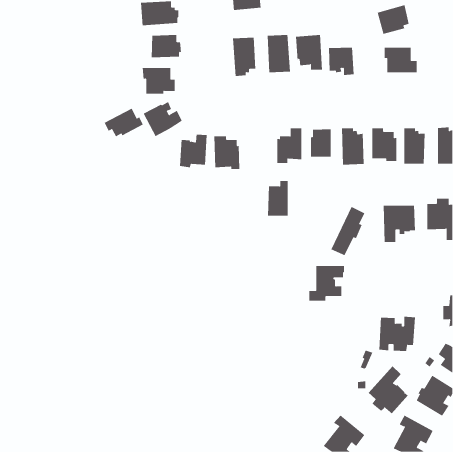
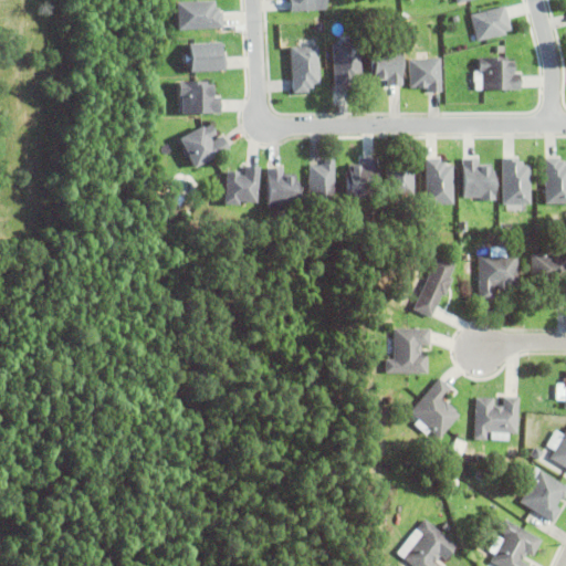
building: [104,108,144,137] -> none
building: [267,181,288,216] -> [308,159,335,203]
building: [368,365,409,414] -> [408,374,459,434]

